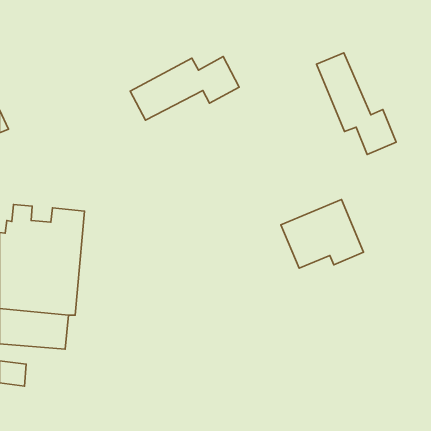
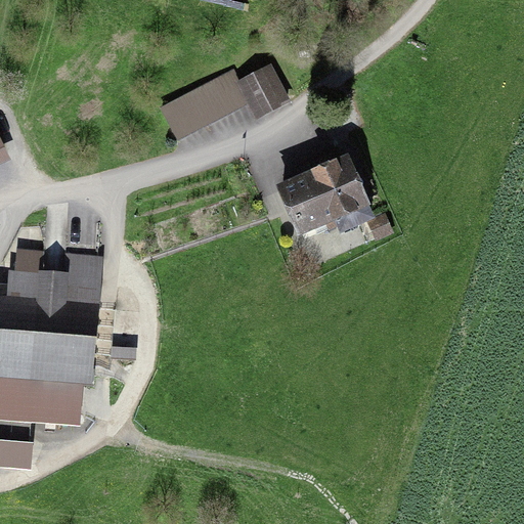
building: [317,53,396,154] -> none
building: [281,200,363,268] -> [274,150,375,233]

